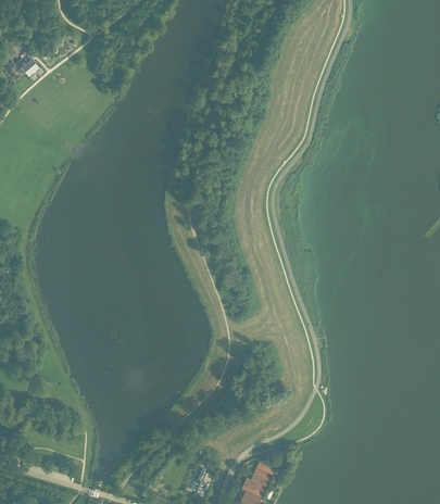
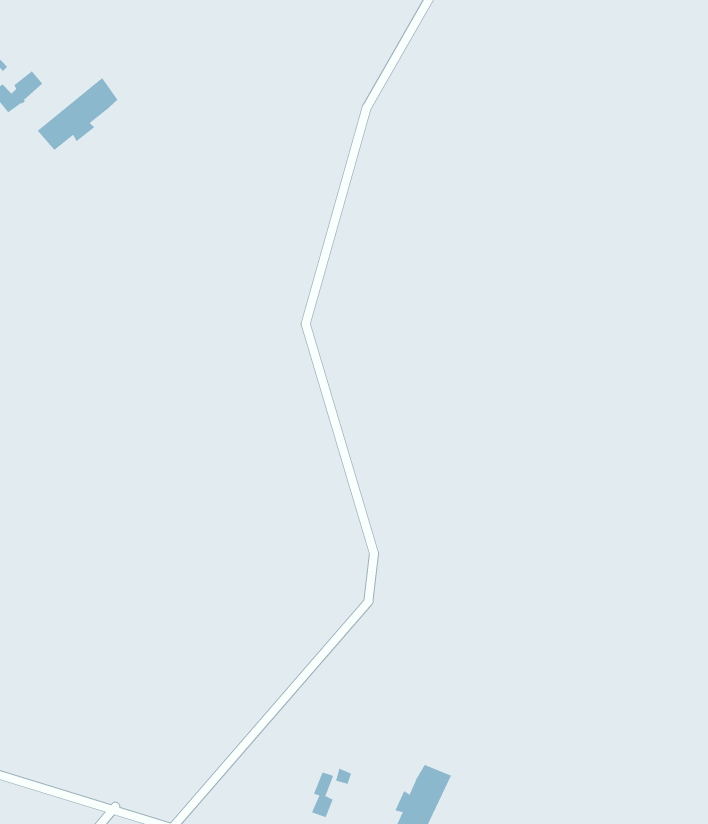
building: none -> [37,77,118,151]

